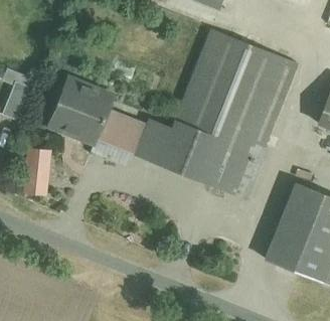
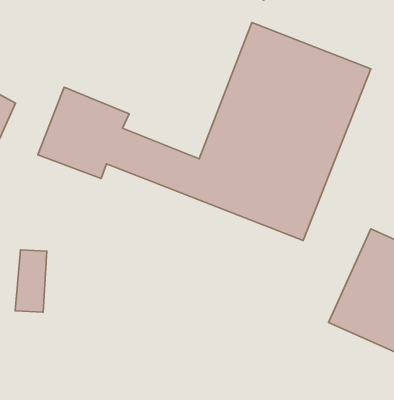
building: [23,148,47,195] -> [15,250,47,312]

